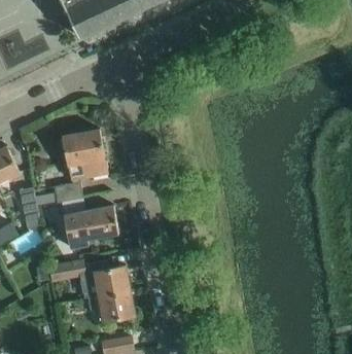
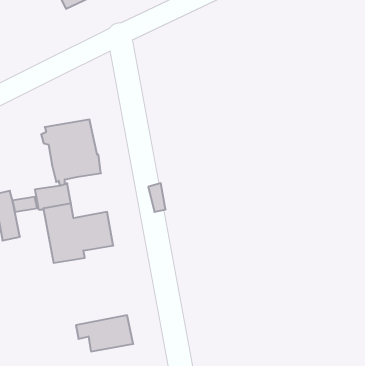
building: [50,260,130,299] -> none

